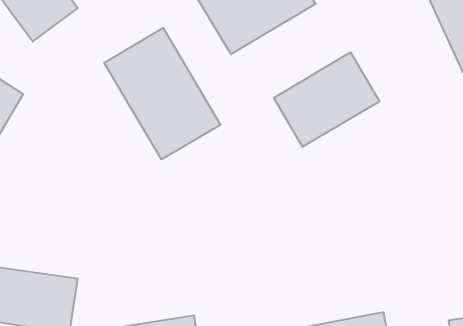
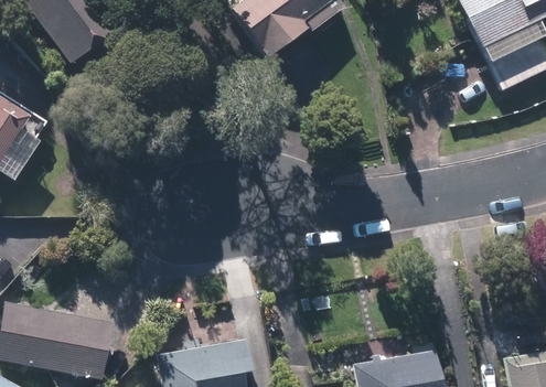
building: [104,28,220,159] -> none
building: [274,52,379,147] -> none

